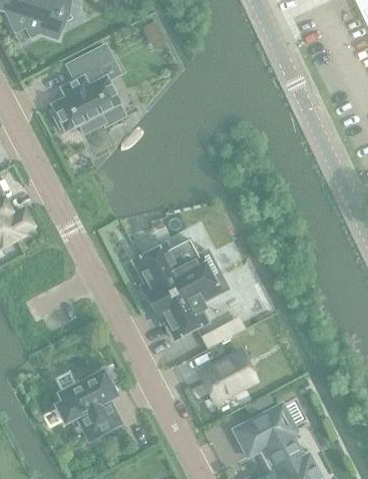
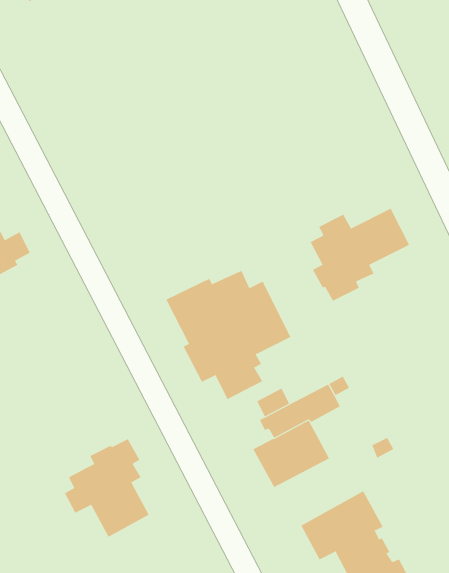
building: [51,45,120,133] -> none
building: none -> [310,208,410,301]

